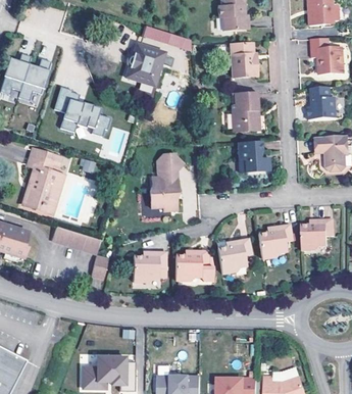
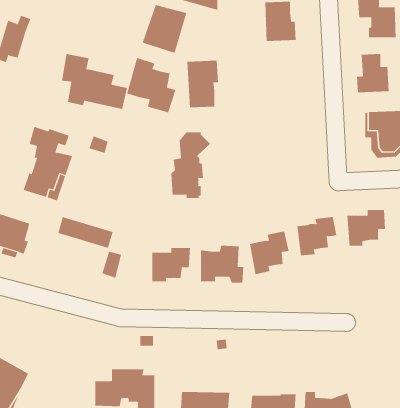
building: [16,58,50,100] -> none
building: none -> [126,57,176,113]
building: [230,90,257,131] -> [187,60,219,108]
building: [238,140,268,170] -> none

